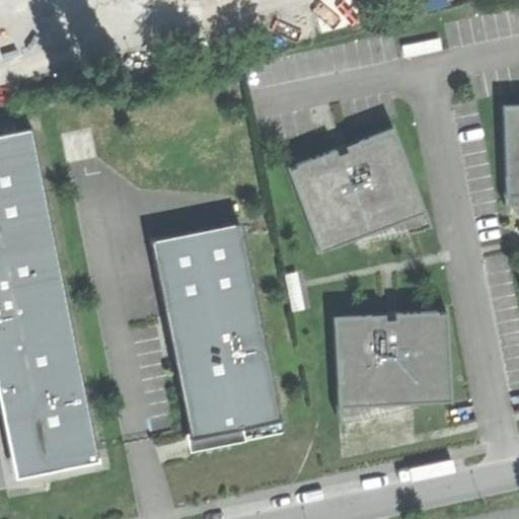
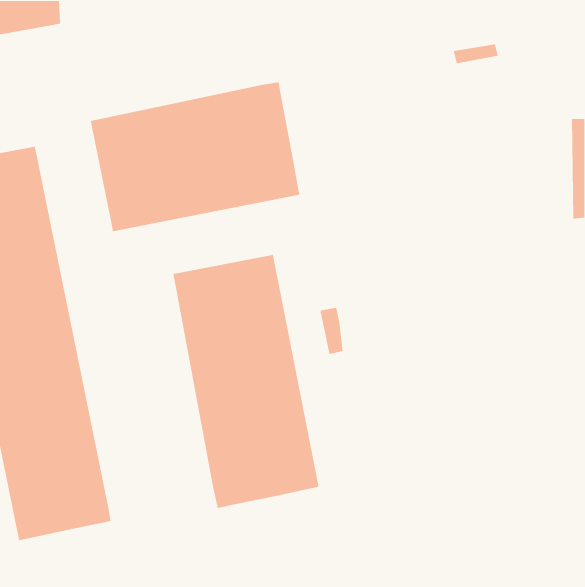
building: none -> [90,81,300,232]
building: [286,128,430,255] -> none
building: [332,308,451,407] -> none

